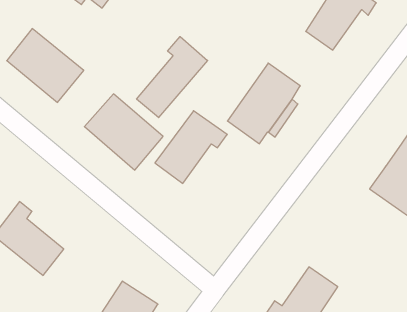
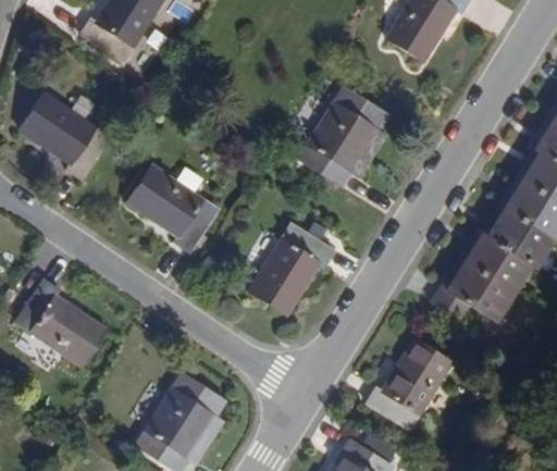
building: [137,37,208,118] -> none
building: [155,111,227,183] -> [249,214,336,306]
building: none -> [426,236,524,322]

